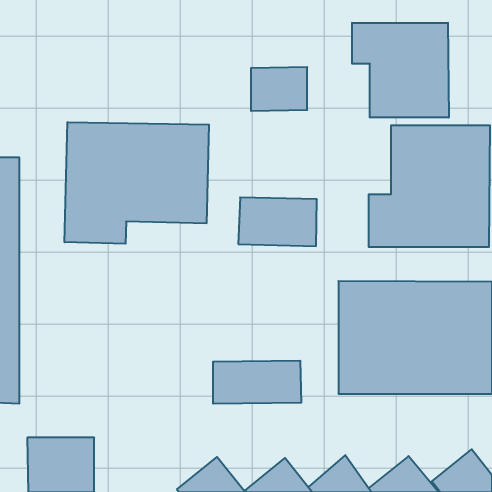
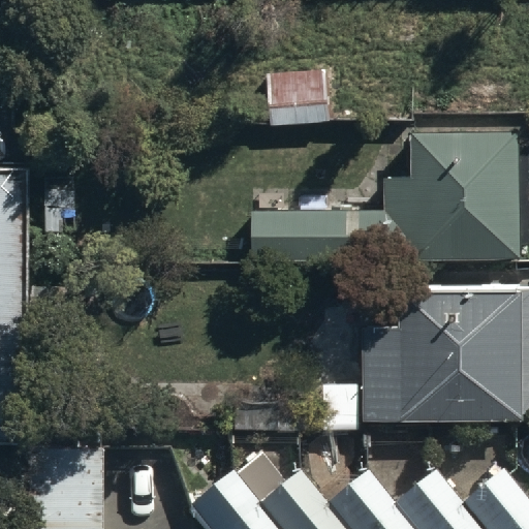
building: [352,23,449,118] -> none
building: [65,122,209,244] -> none

